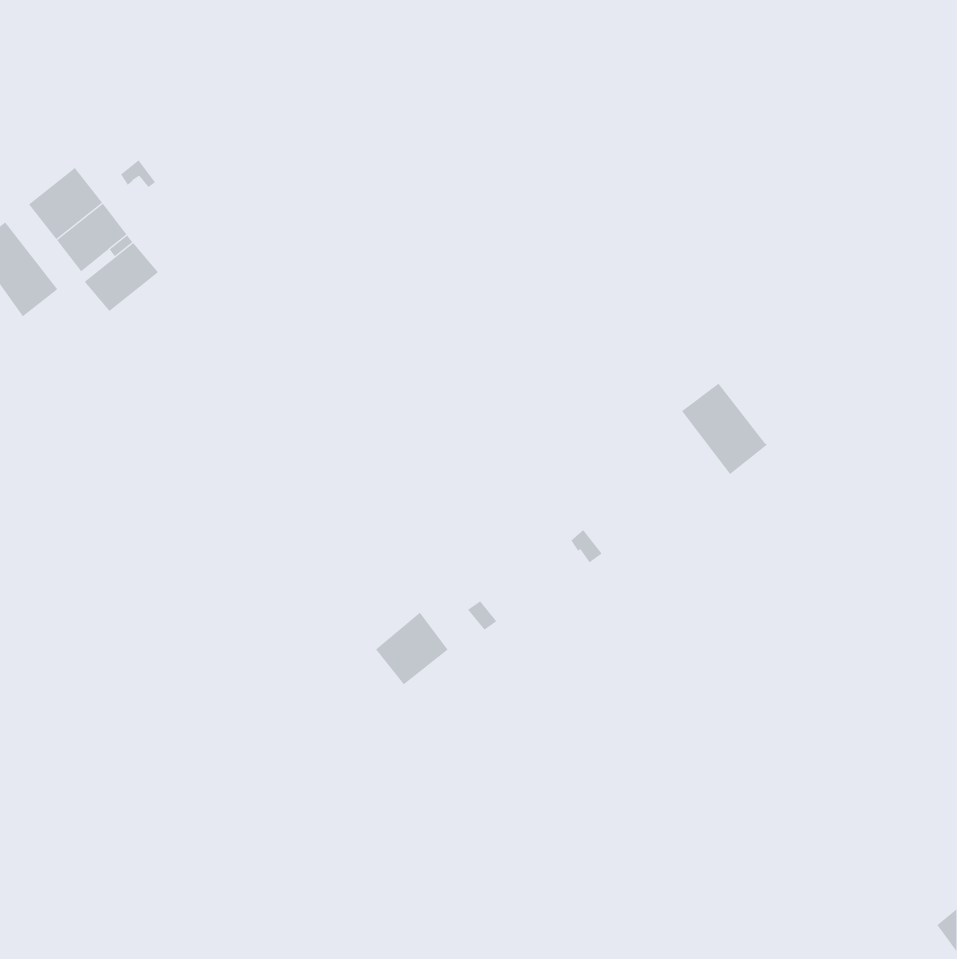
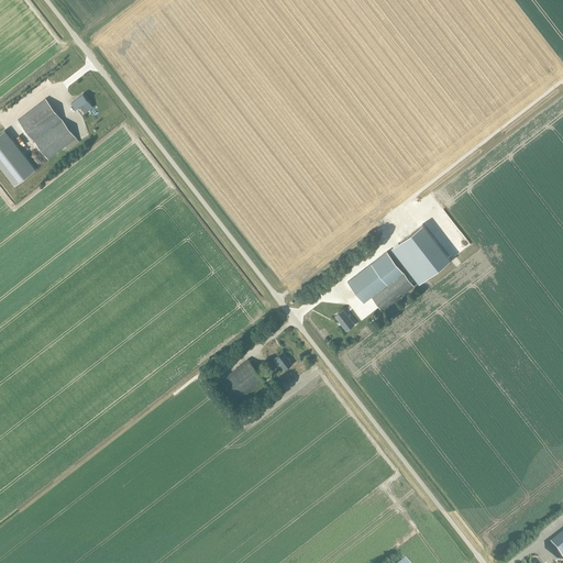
building: [84,242,159,312] -> none
building: none -> [346,252,412,311]

